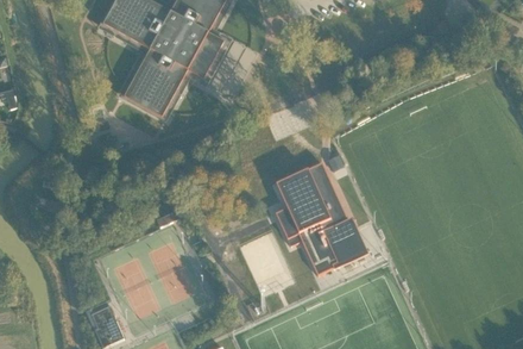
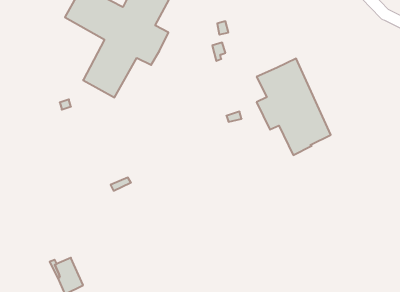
building: [275,161,361,274] -> [257,59,331,155]

